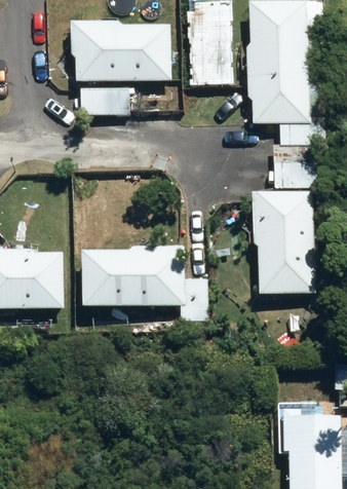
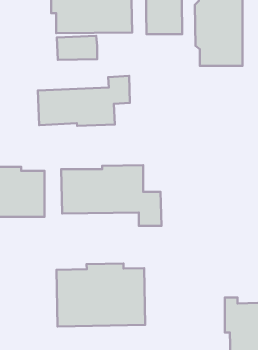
building: none -> [38,76,130,126]
building: [253,188,314,293] -> none
building: none -> [56,263,145,327]

